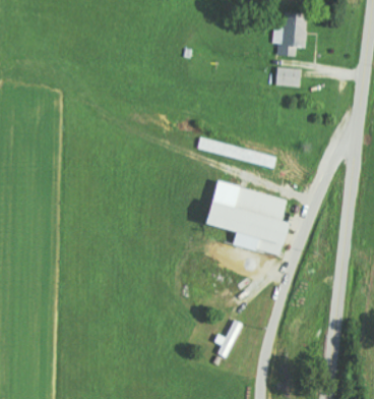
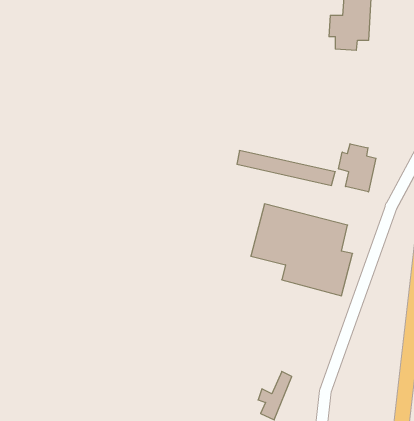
building: [274,68,300,87] -> none
building: none -> [339,144,376,192]

